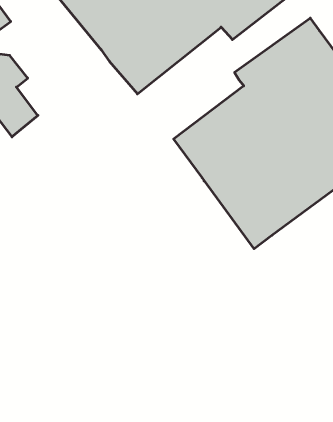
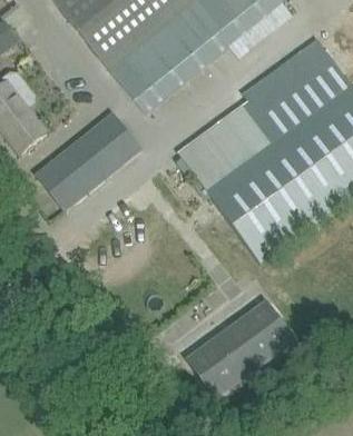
building: none -> [36,113,139,209]
building: none -> [187,304,291,397]

